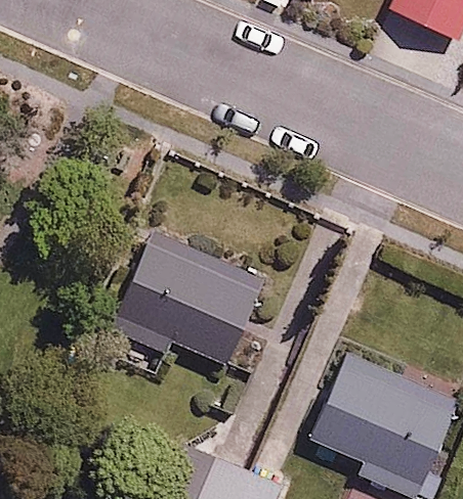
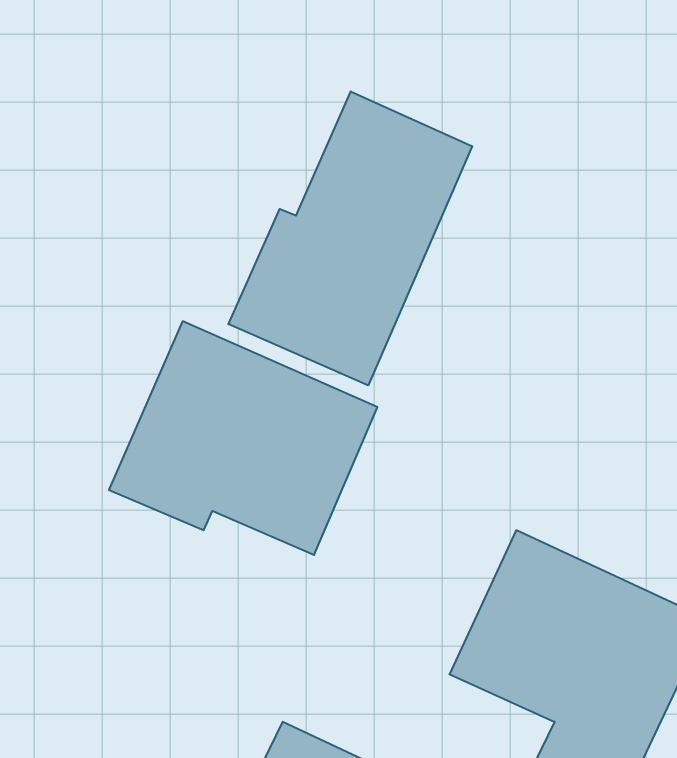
building: none -> [228,91,472,385]

